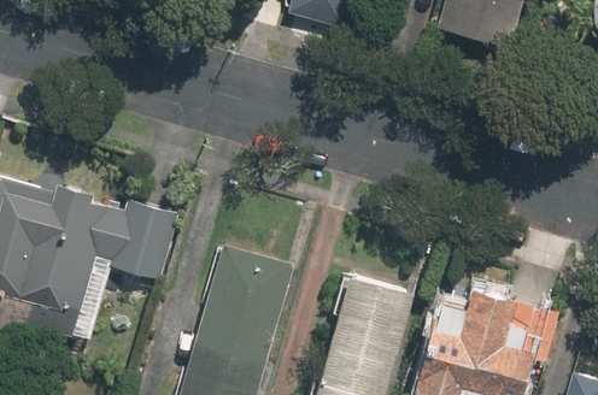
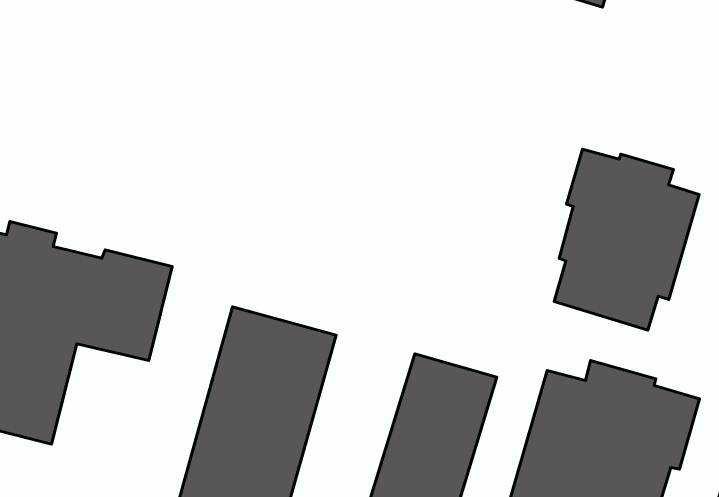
building: none -> [554,149,699,330]

